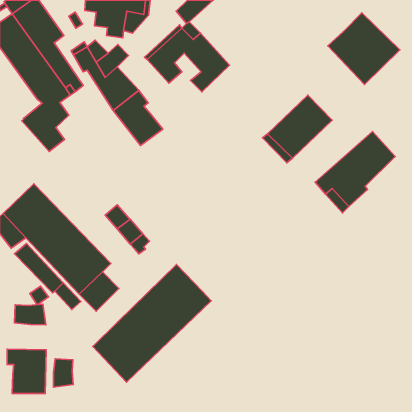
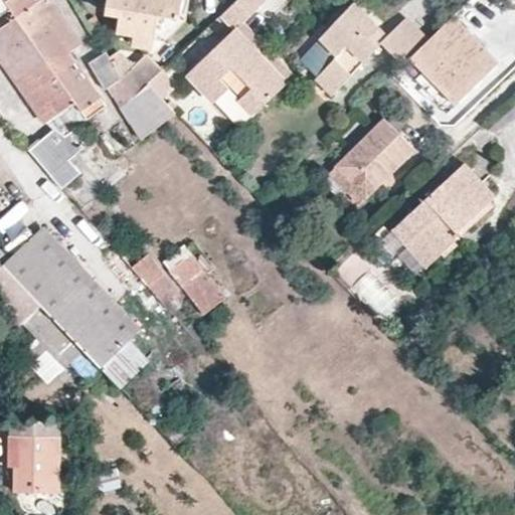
building: none -> [315,4,427,94]
building: [113,91,163,146] -> none
building: none -> [163,246,223,313]
building: [93,264,211,382] -> none
building: [14,304,46,325] -> none
building: [53,359,73,387] -> none

